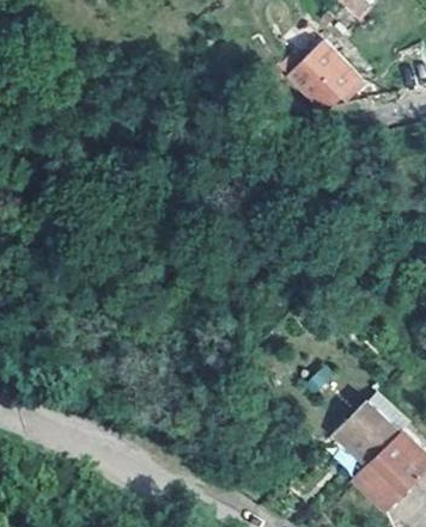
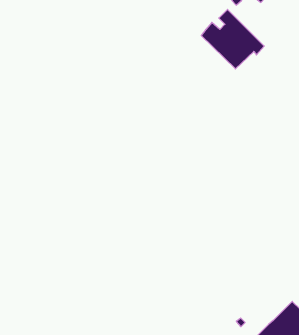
building: [346,402,402,456] -> none

